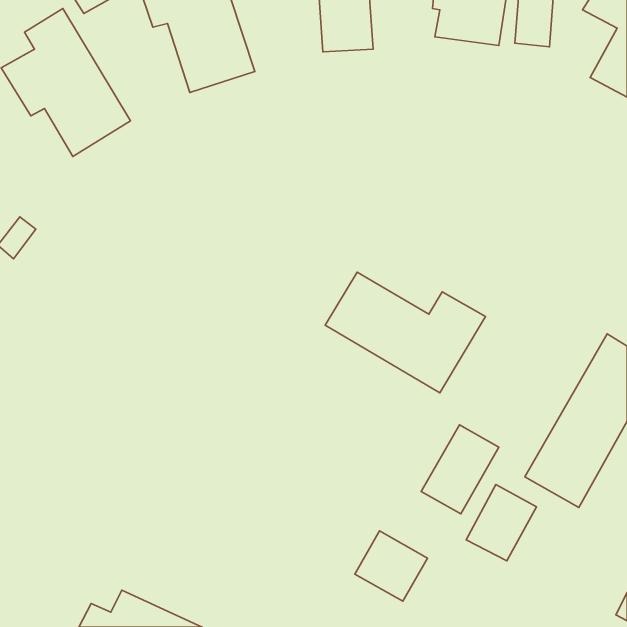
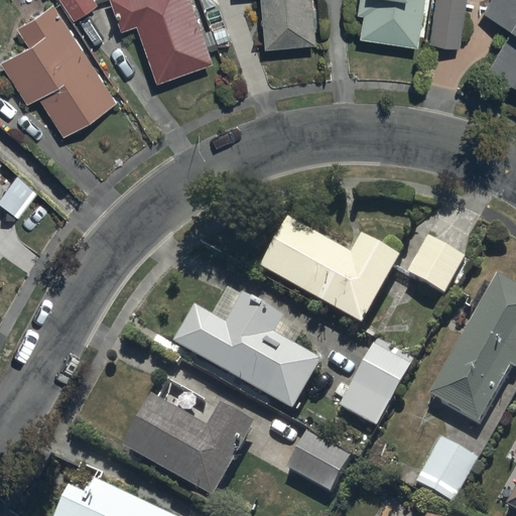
building: none -> [409,241,464,293]
building: none -> [182,296,321,409]
building: [466,484,536,561] -> [417,435,475,498]
building: none -> [131,399,255,493]

